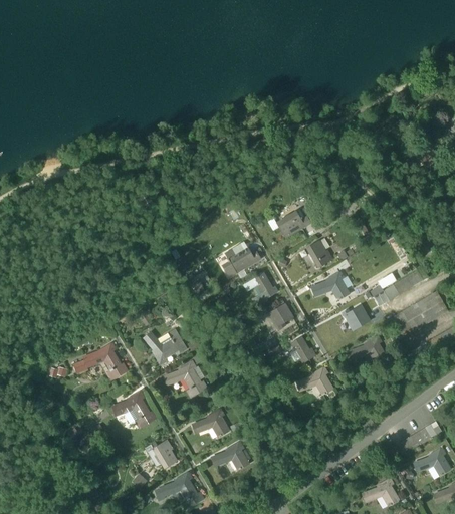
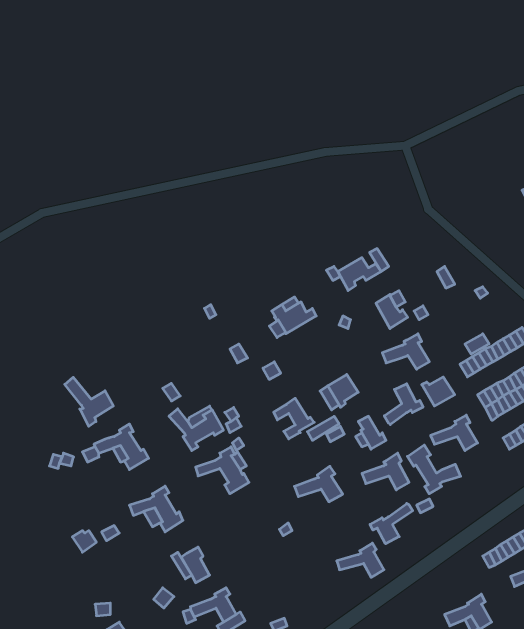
building: [246,272,278,304] -> [274,398,314,439]
building: none -> [65,377,113,426]
building: none -> [384,384,423,425]
building: none -> [407,445,461,494]
building: none -> [370,503,413,544]
building: [192,409,230,437] -> [294,466,343,502]
building: [212,443,249,470] -> [337,543,384,577]

